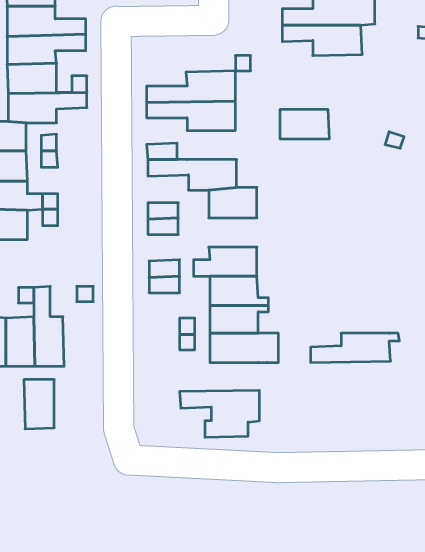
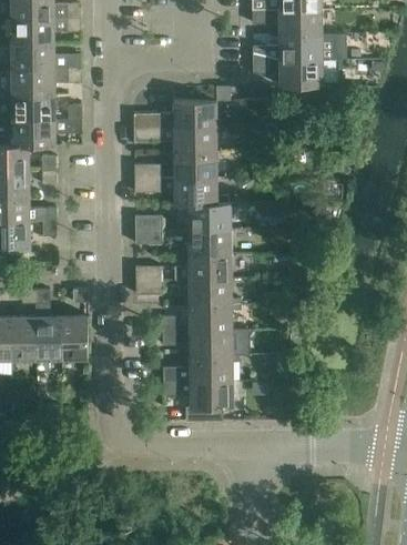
building: [280,110,329,139] -> [170,152,213,178]
building: none -> [189,229,231,254]
building: [311,333,399,362] -> [163,355,241,381]
building: [24,380,54,429] -> [61,315,88,359]

